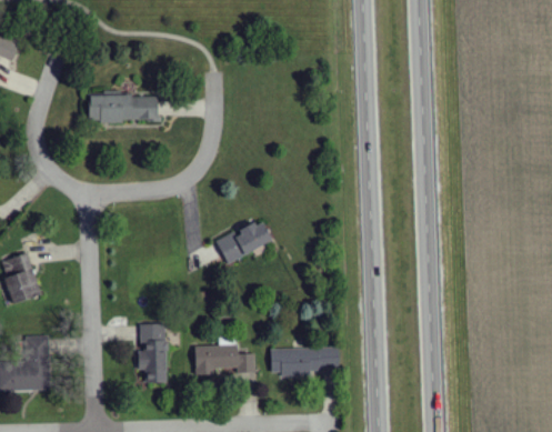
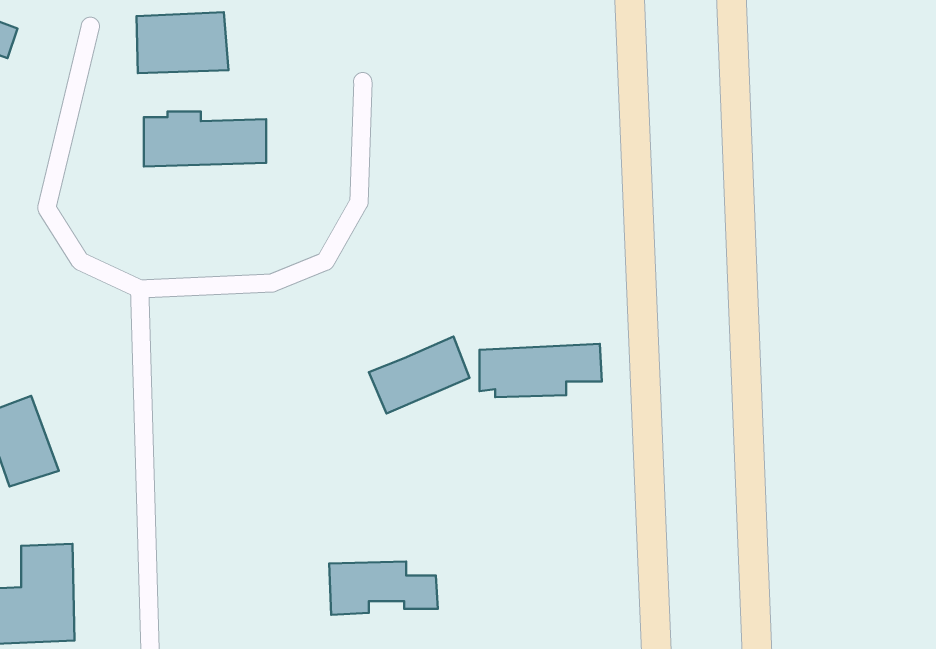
building: none -> [136,12,228,73]
building: [139,323,167,383] -> none
building: [271,346,340,376] -> [479,344,602,397]

